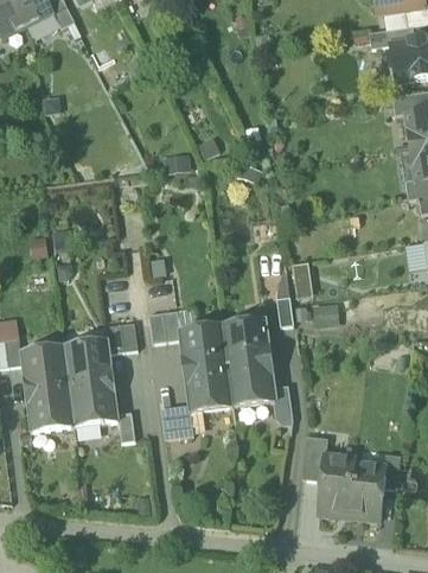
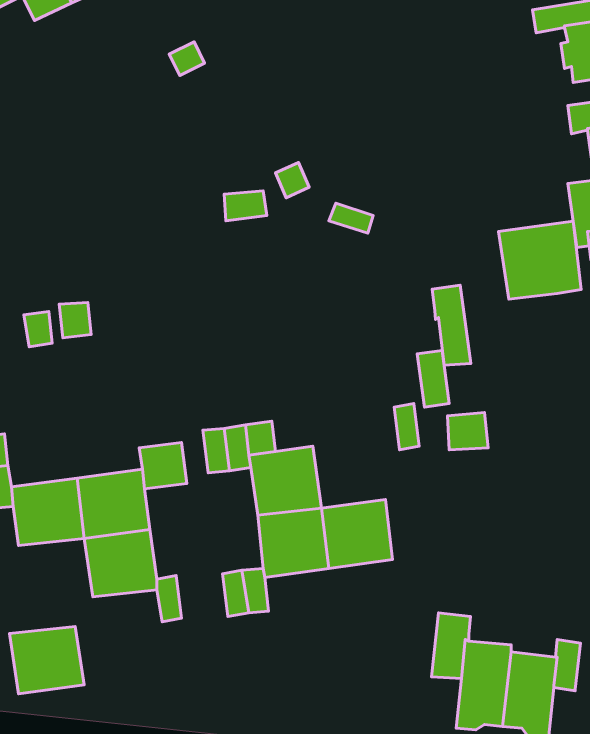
building: none -> [499,221,581,299]
building: none -> [432,285,471,365]
building: [222,319,270,365] -> none
building: [25,386,75,431] -> [10,626,84,694]

